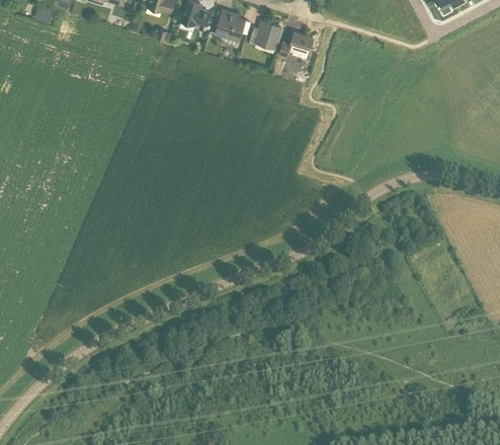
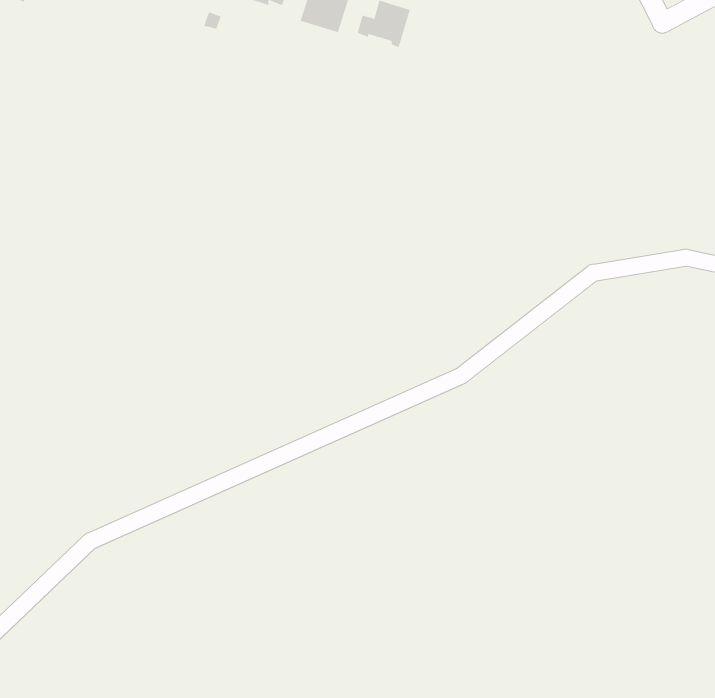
building: [277,31,313,57] -> none

